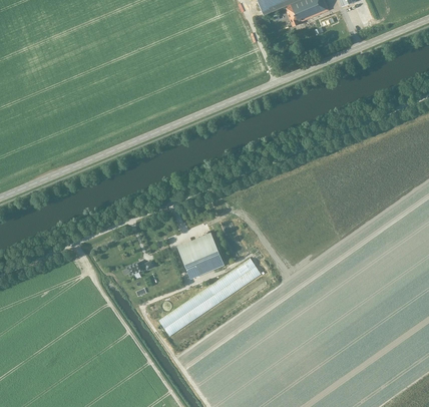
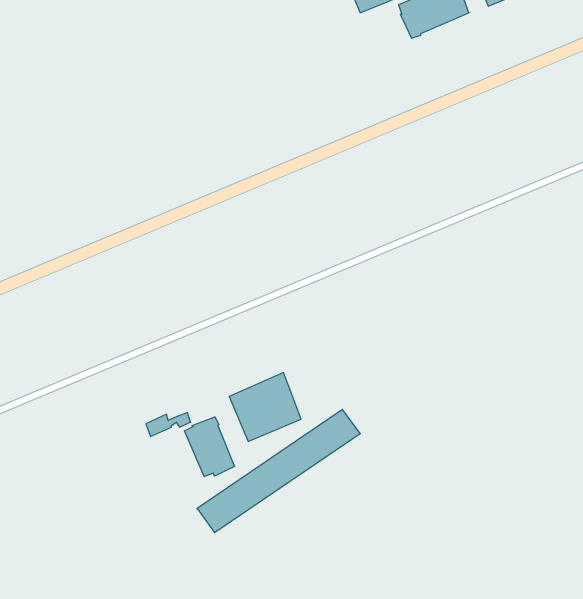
building: none -> [185,417,234,477]

